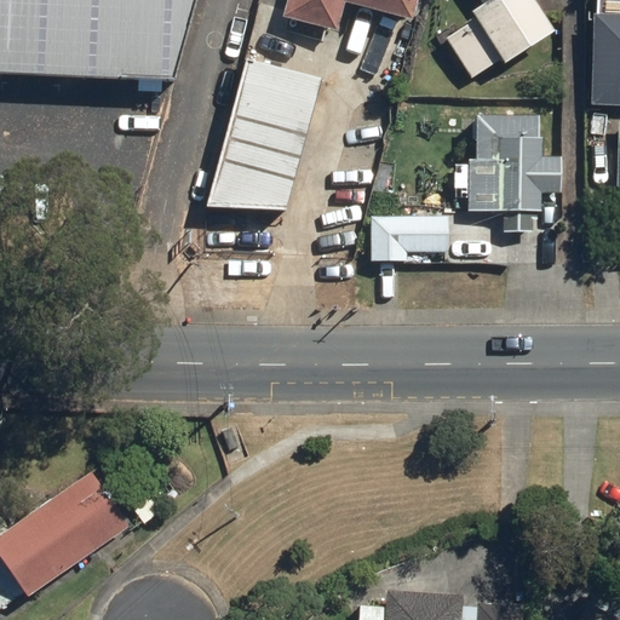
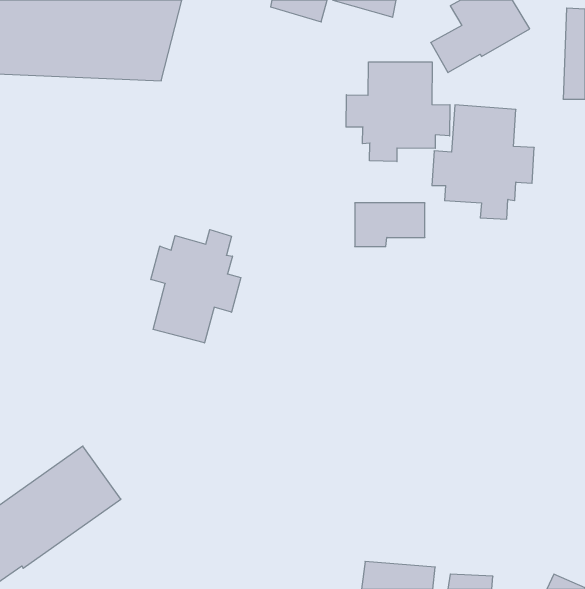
building: [208,56,323,208] -> none
building: none -> [346,62,450,162]
building: none -> [151,230,241,343]

